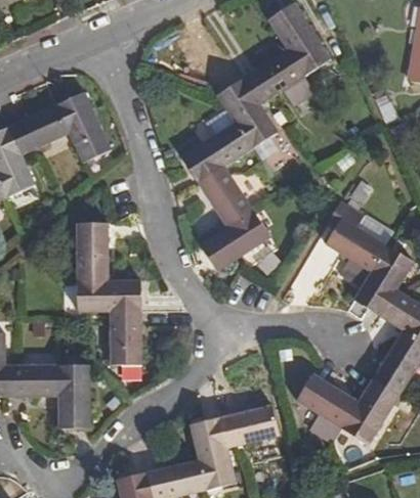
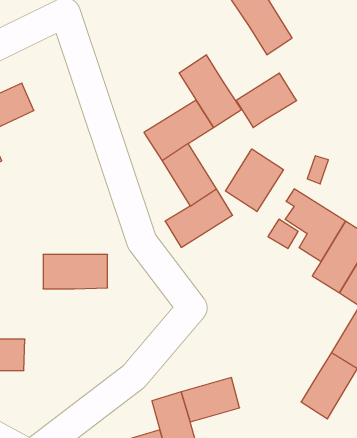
building: [244,48,305,103] -> [236,73,297,128]
building: [56,90,113,162] -> none
building: none -> [225,149,283,212]
building: [78,222,110,278] -> none
building: [110,312,144,366] -> none
building: [58,364,92,426] -> none
building: [294,373,356,427] -> none

